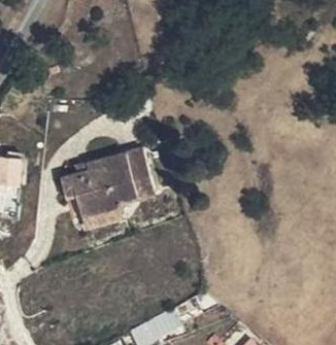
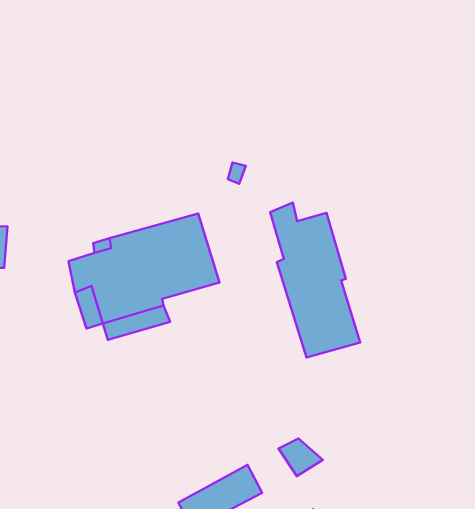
building: none -> [270,203,360,358]

